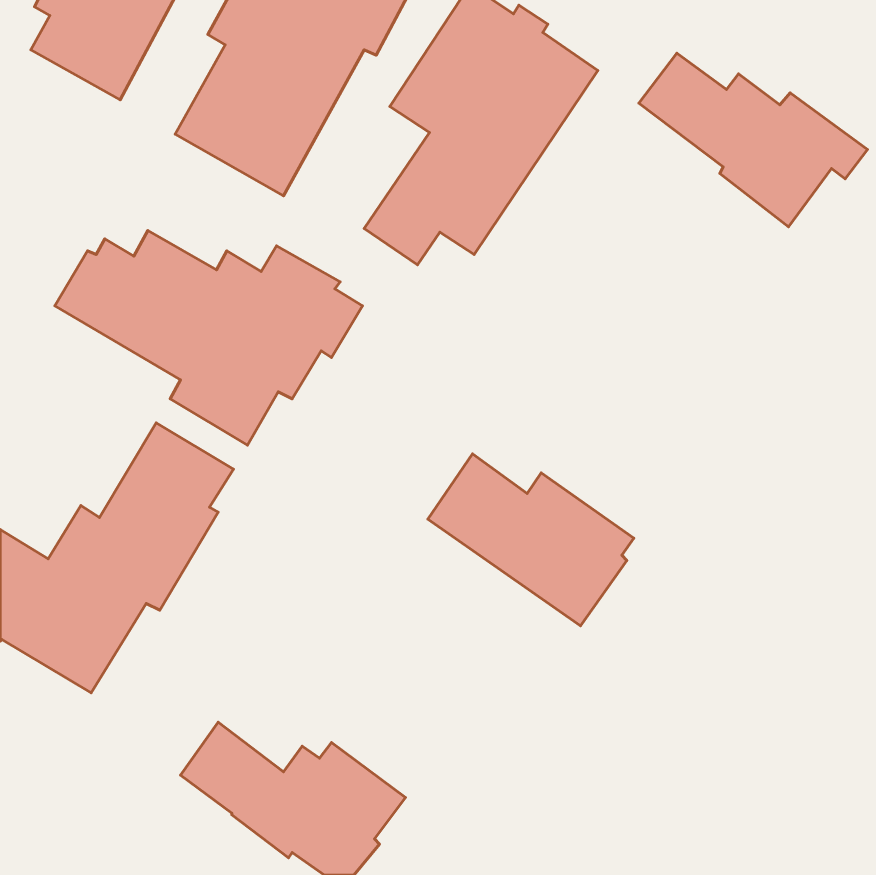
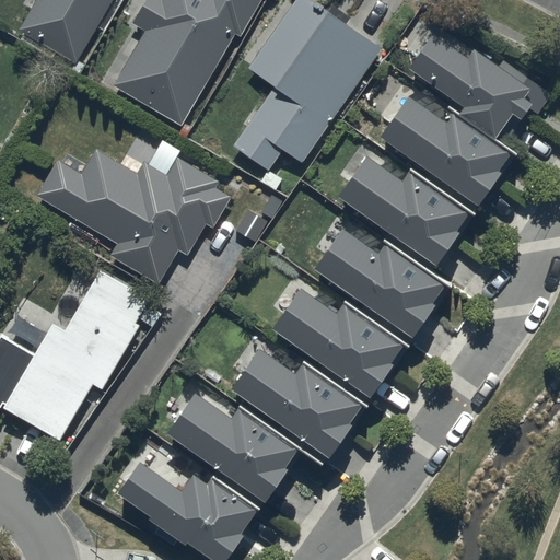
building: none -> [378,96,514,207]
building: none -> [339,156,472,266]
building: none -> [314,229,447,337]
building: none -> [231,349,364,458]
building: none -> [167,393,299,503]

